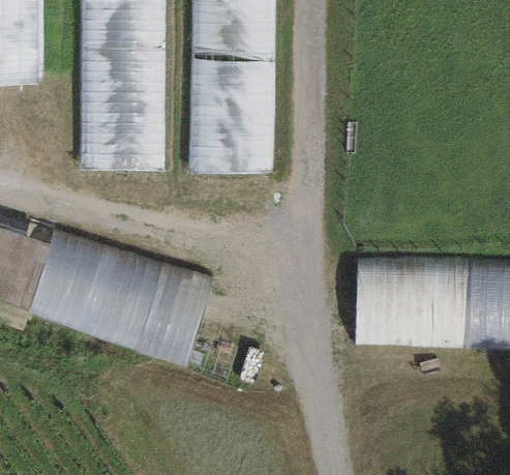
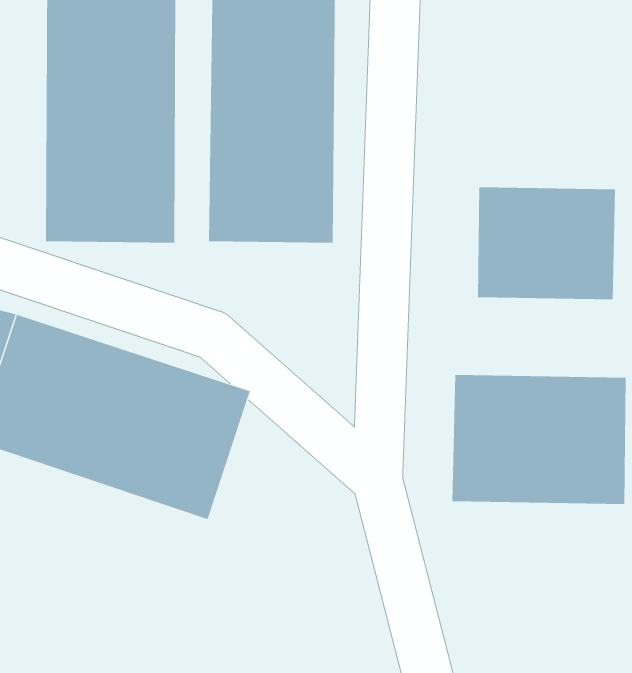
building: none -> [478,187,616,300]

